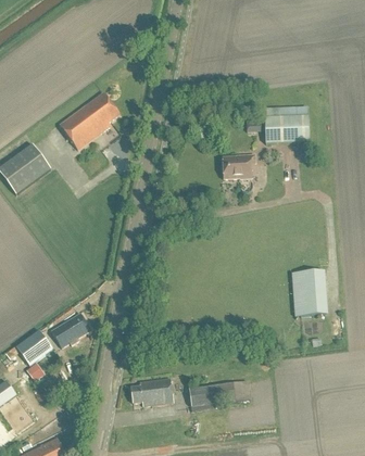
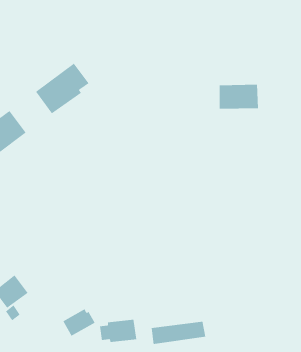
building: [221,154,256,179] -> none
building: [294,268,331,315] -> none
building: [52,314,89,345] -> [63,308,96,337]

